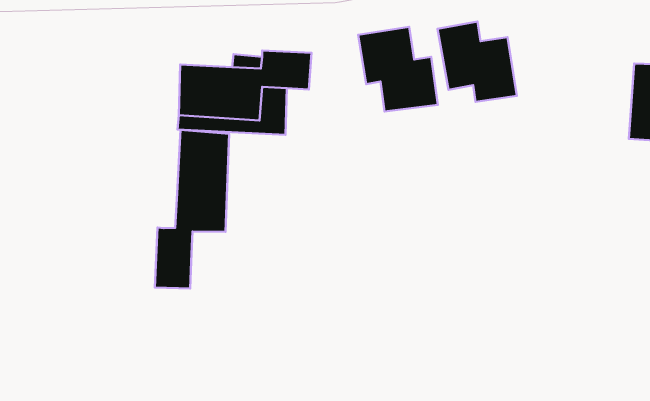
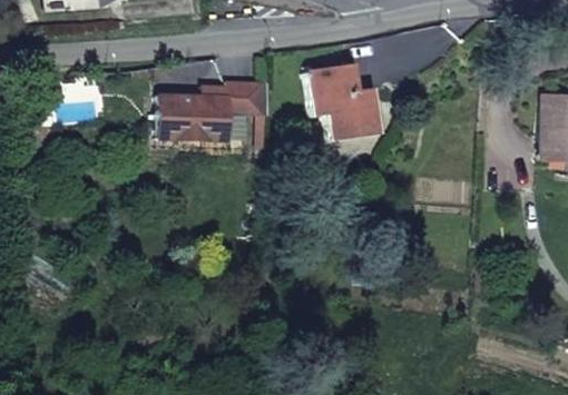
building: [437,22,517,102] -> none
building: [155,130,229,288] -> none

